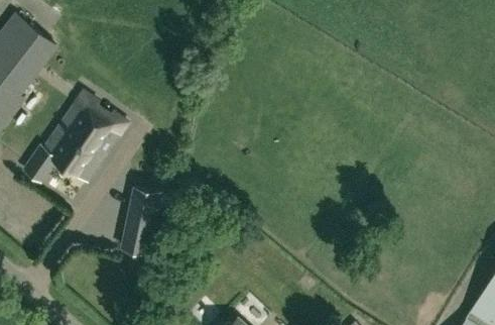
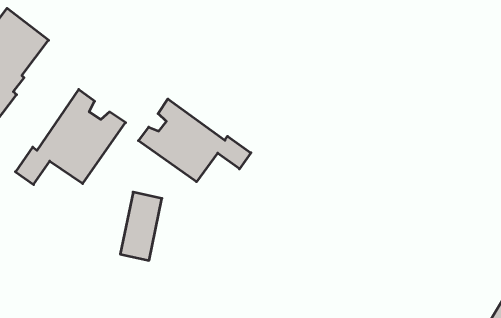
building: none -> [138,99,251,182]

